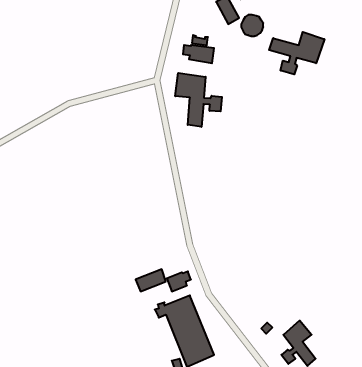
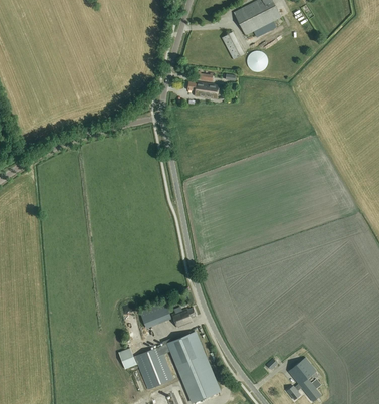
building: [269,32,324,74] -> none
building: [175,73,222,127] -> none
building: none -> [119,345,173,389]

